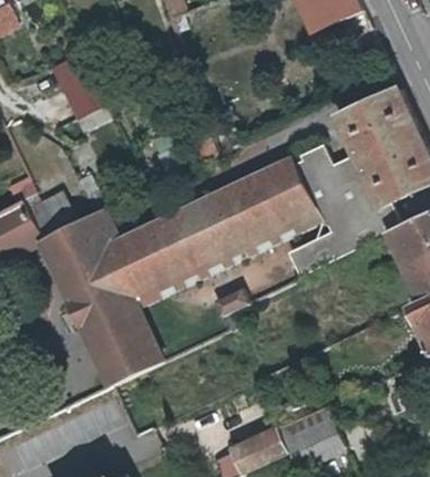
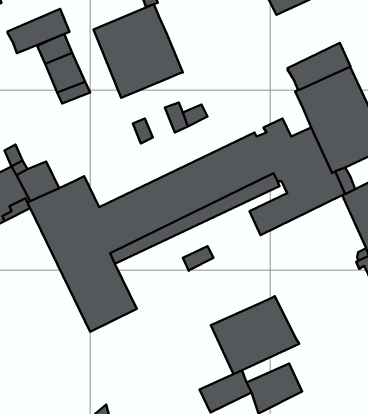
building: none -> [93,4,183,98]
building: none -> [7,9,70,53]
building: none -> [287,43,351,90]
building: none -> [211,296,299,374]

